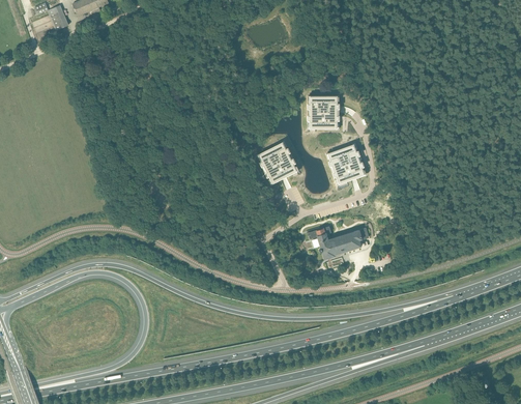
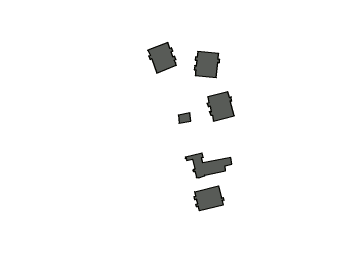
building: [258,142,296,182] -> [148,43,176,73]
building: none -> [194,186,224,211]

